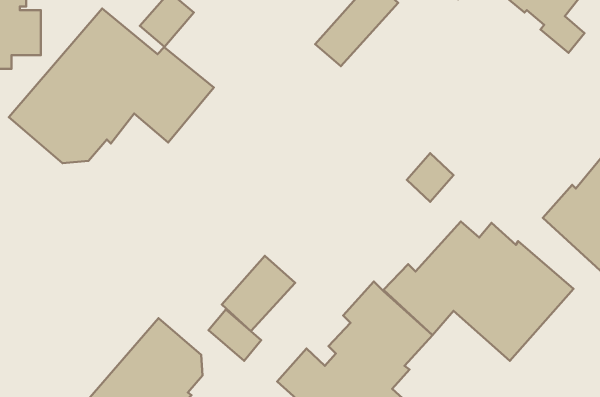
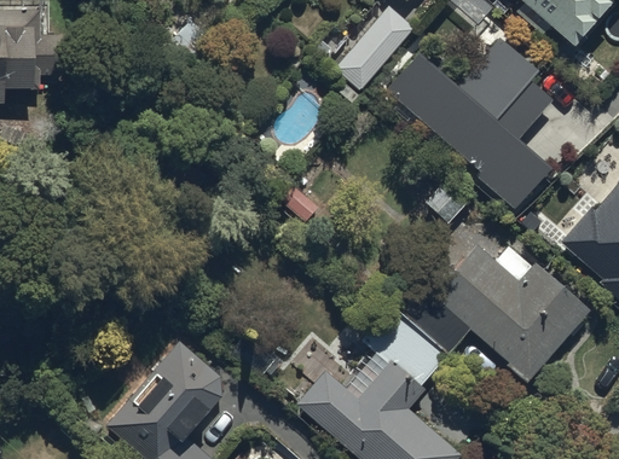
building: [9,8,214,163] -> none
building: none -> [386,36,559,216]
building: [222,256,295,331] -> none

